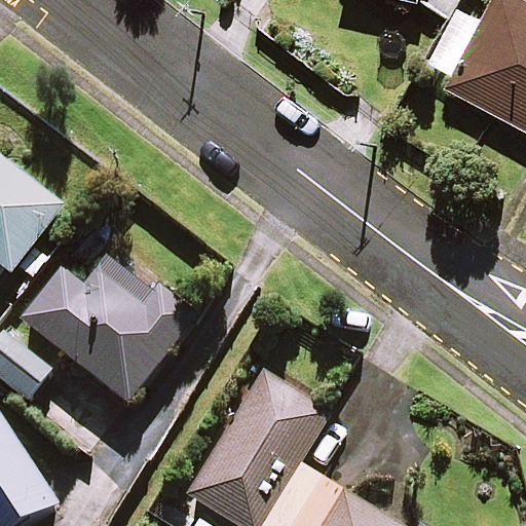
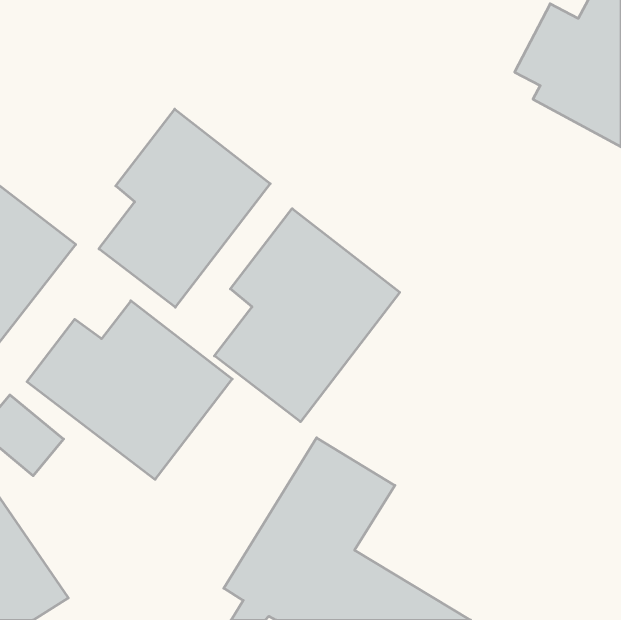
building: none -> [99,109,270,307]
building: none -> [214,209,400,422]

